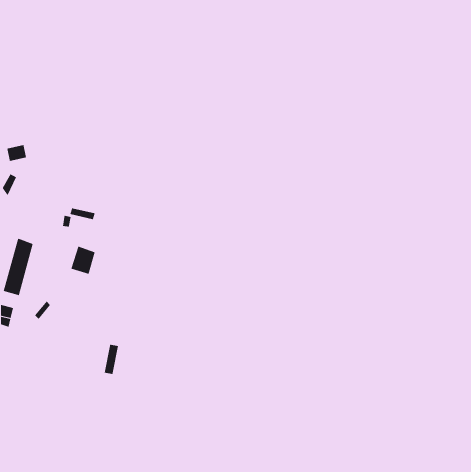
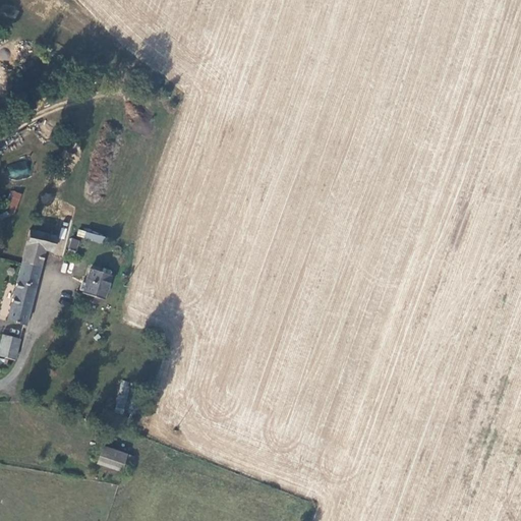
building: none -> [22,230,57,268]
building: none -> [100,445,135,470]

